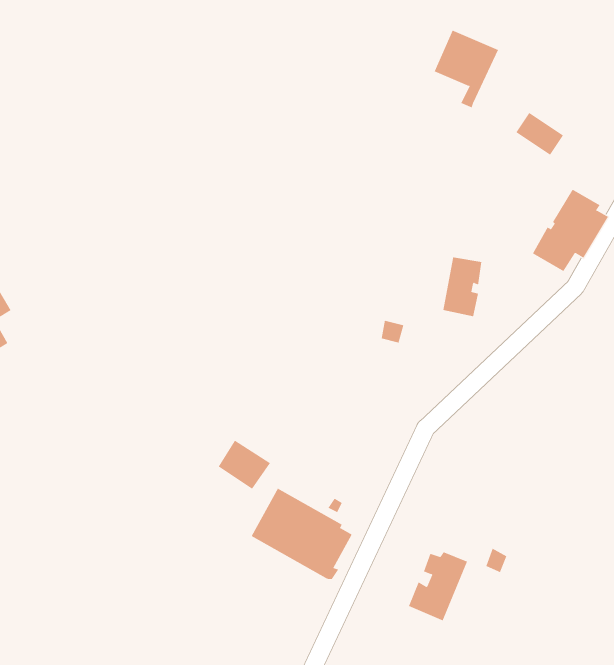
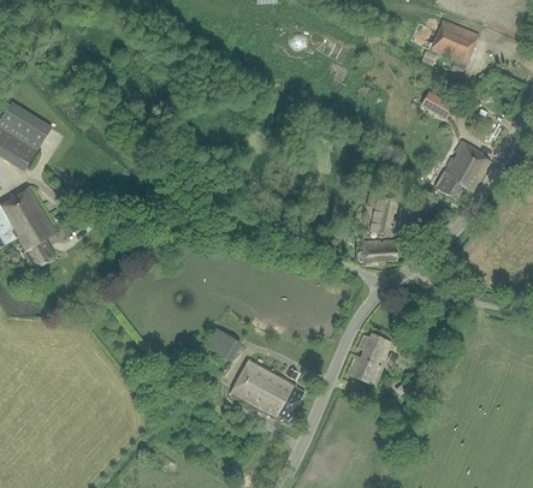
building: [434,30,499,108] -> [432,19,479,76]
building: none -> [359,238,396,264]
building: [408,551,468,621] -> [347,332,390,382]

